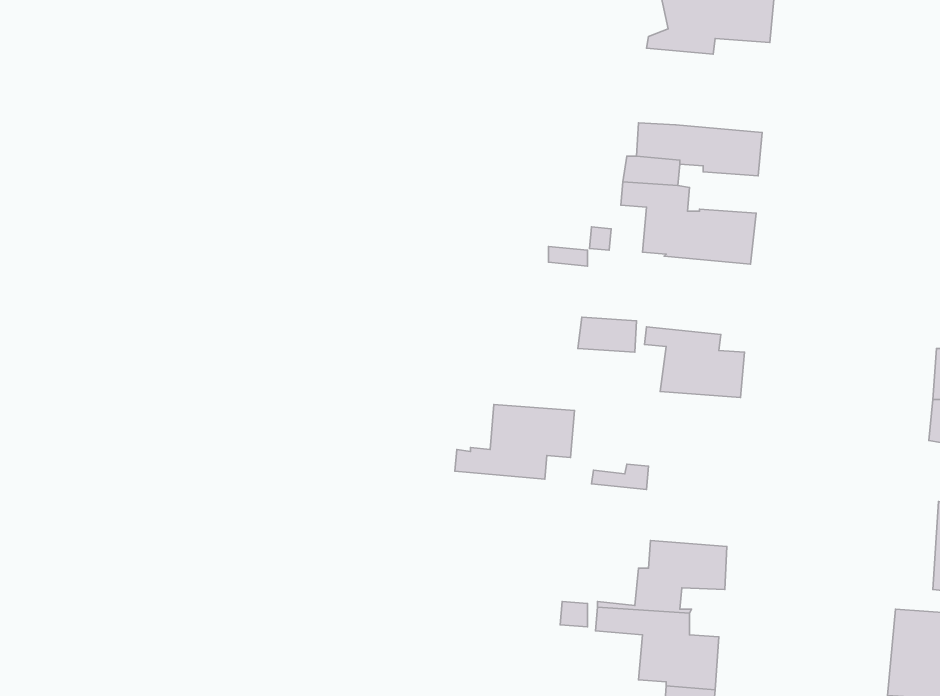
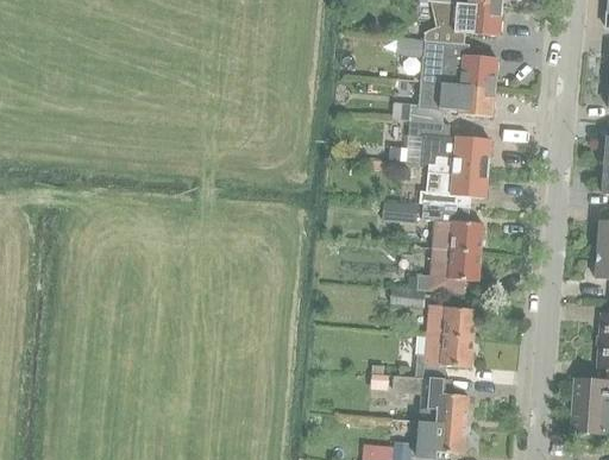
building: none -> [423,39,497,89]
building: none -> [420,164,486,212]
building: [455,404,574,479] -> [408,246,481,291]
building: none -> [426,303,476,340]

